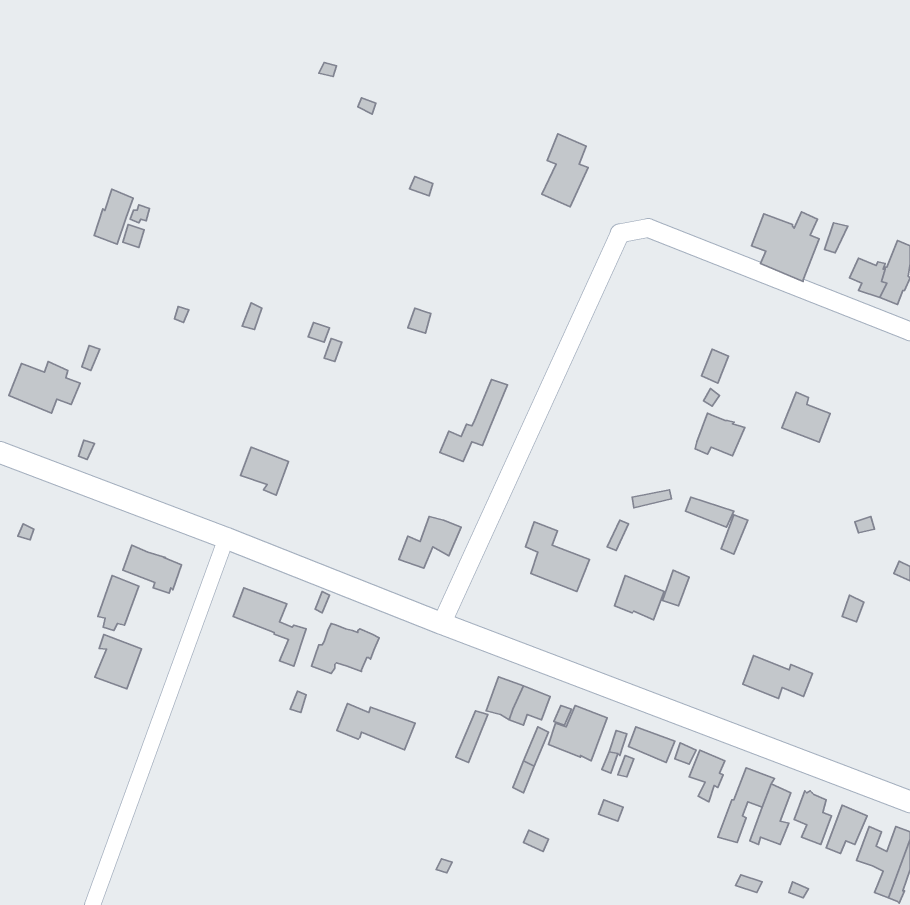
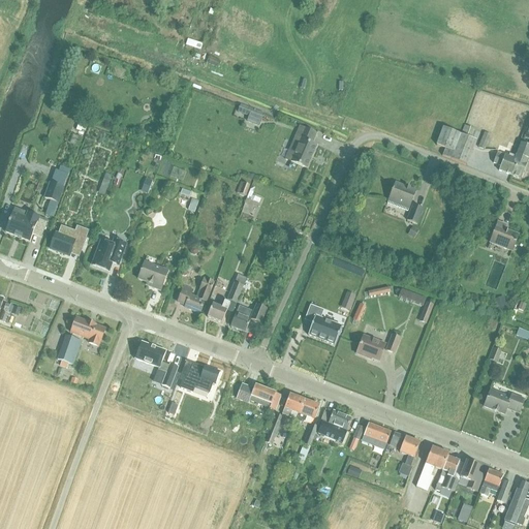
building: [542,134,588,207] -> [290,124,317,166]
building: [94,189,133,244] -> [44,168,67,200]
building: [440,380,508,461] -> [208,272,247,319]
building: none -> [50,224,89,254]
building: [782,392,830,442] -> [490,220,518,249]
building: none -> [92,238,126,269]
building: [695,413,745,456] -> [387,180,416,205]
building: none -> [177,276,214,310]
building: [95,635,141,689] -> none
building: [743,656,812,698] -> [484,387,524,412]
building: [337,704,415,750] -> [236,381,281,408]

